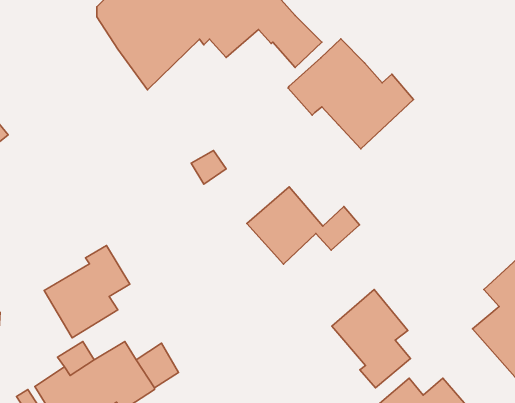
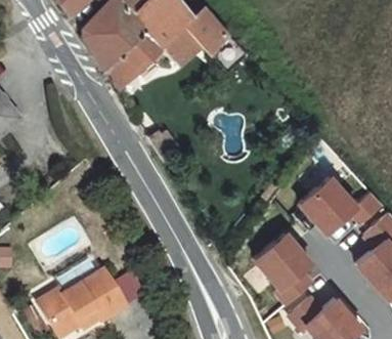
building: [288,39,413,149] -> none
building: [247,187,359,264] -> [300,175,382,231]
building: [44,245,130,338] -> none

